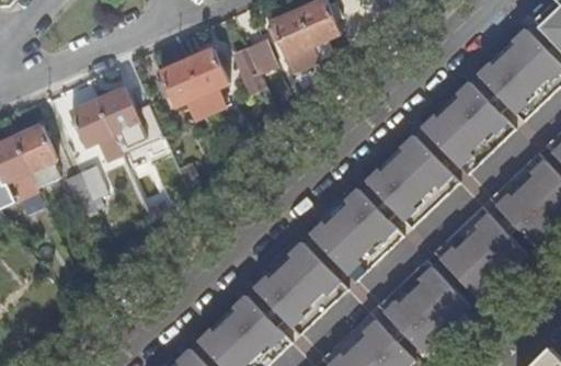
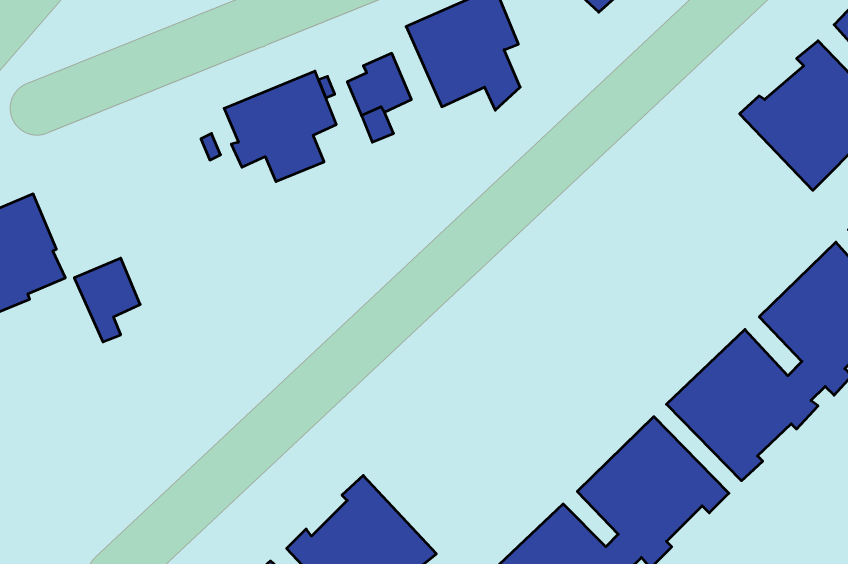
building: [419,83,513,175] -> none
building: [70,88,137,160] -> none
building: [363,137,456,229] -> none
building: [308,190,400,282] -> none
building: [253,242,345,335] -> none

